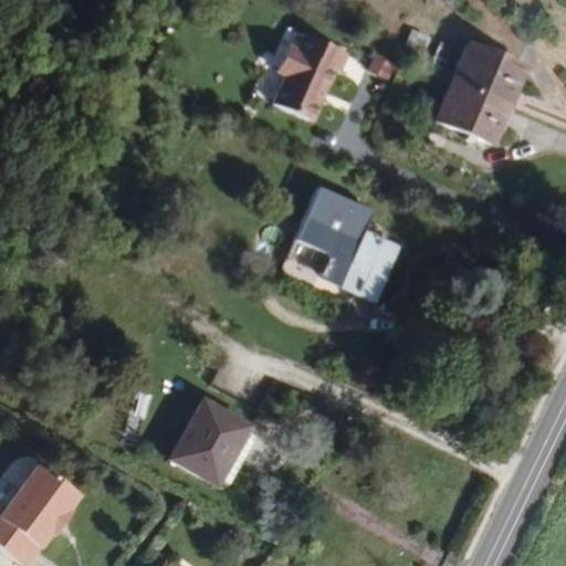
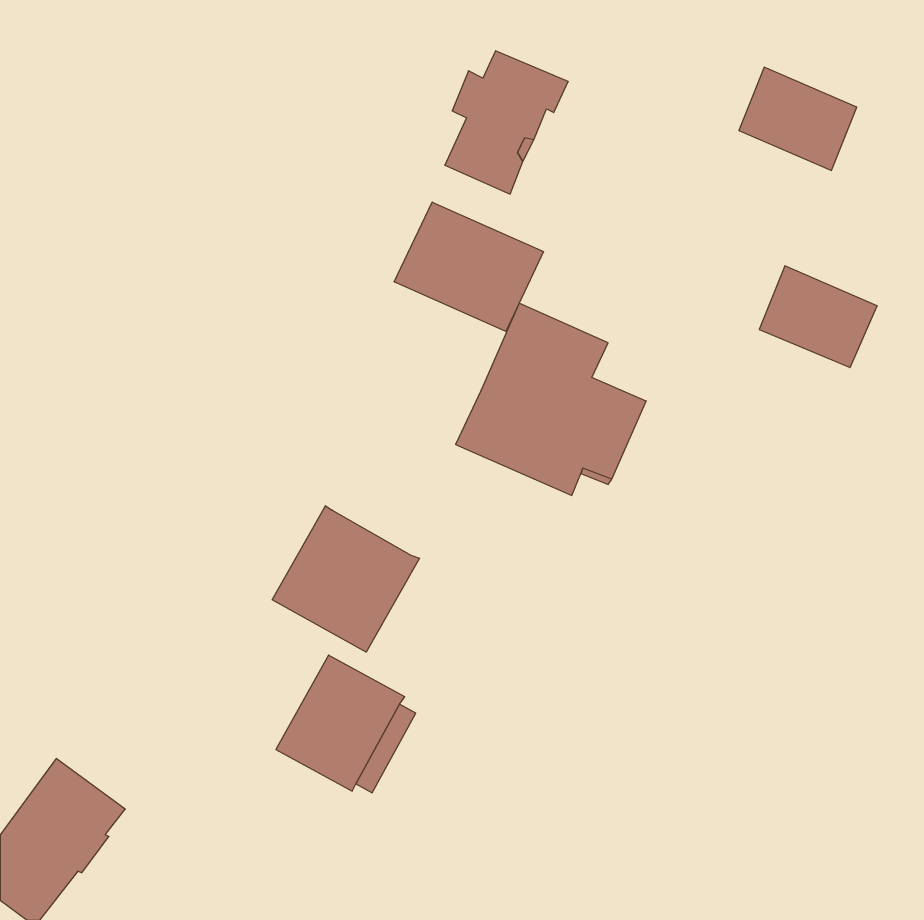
building: [437,80,509,142] -> [759,266,877,368]
building: none -> [394,202,544,331]
building: none -> [272,506,420,652]

